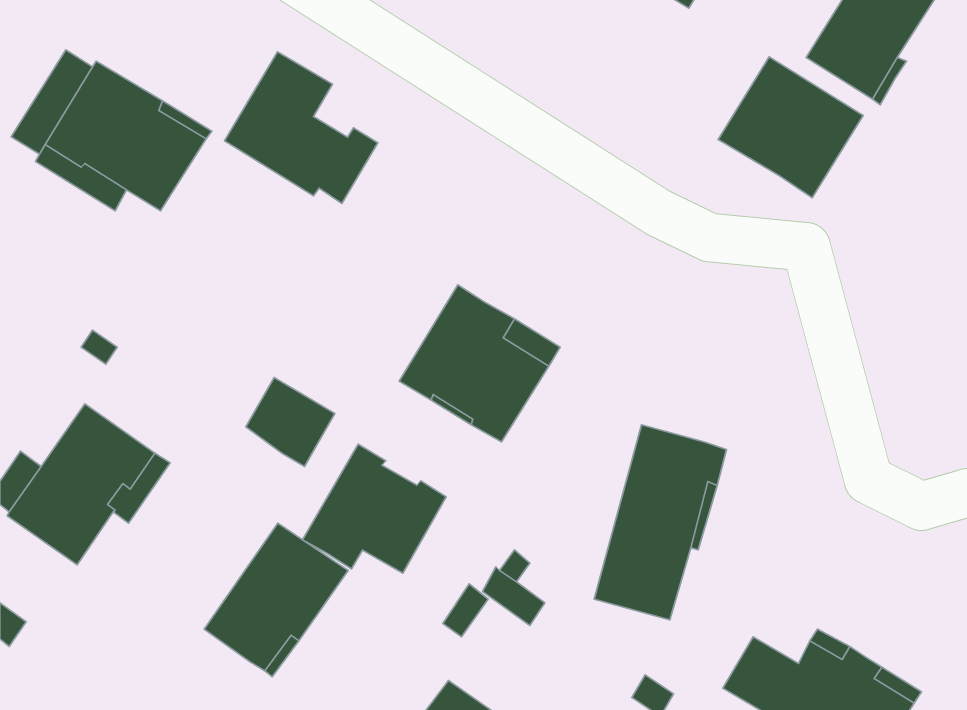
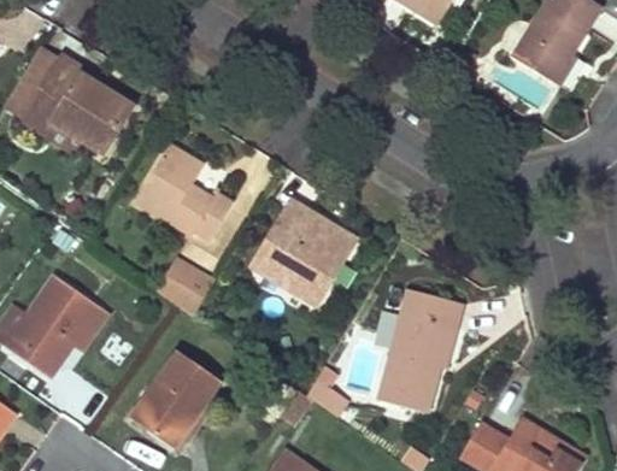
building: [225,52,378,203] -> [135,143,233,240]
building: [718,57,863,198] -> none
building: [302,444,446,573] -> none

